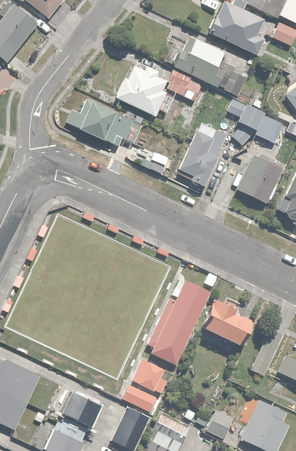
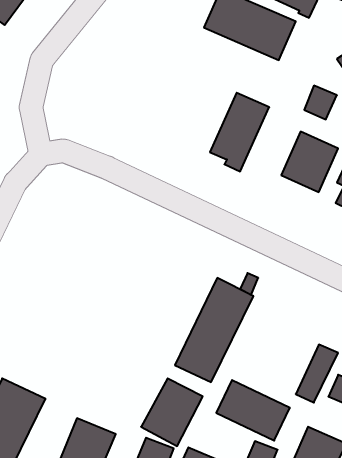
building: [116,63,204,116] -> none
building: [224,97,264,146] -> none
building: [64,99,142,145] -> none
building: [202,300,263,350] -> [216,380,290,441]

